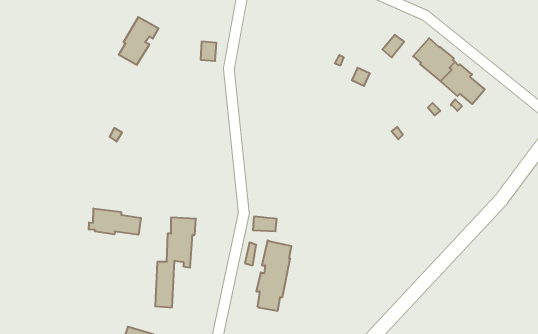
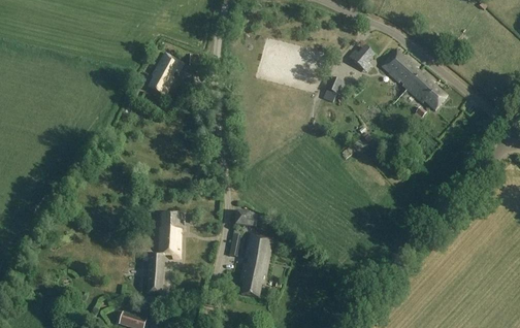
building: [119,17,159,65] -> [148,53,184,96]
building: [89,208,141,235] -> none

